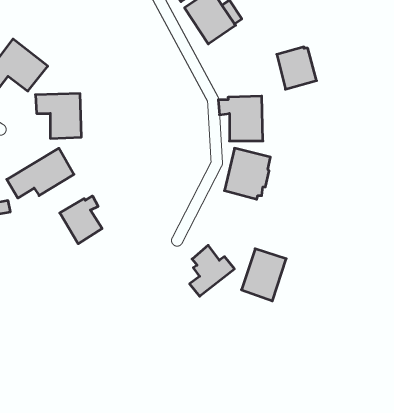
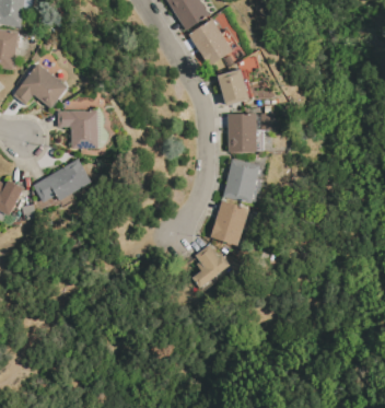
building: [277,47,317,89] -> [218,68,253,105]
building: [60,196,102,244] -> none
building: [241,249,286,301] -> [210,199,249,245]

